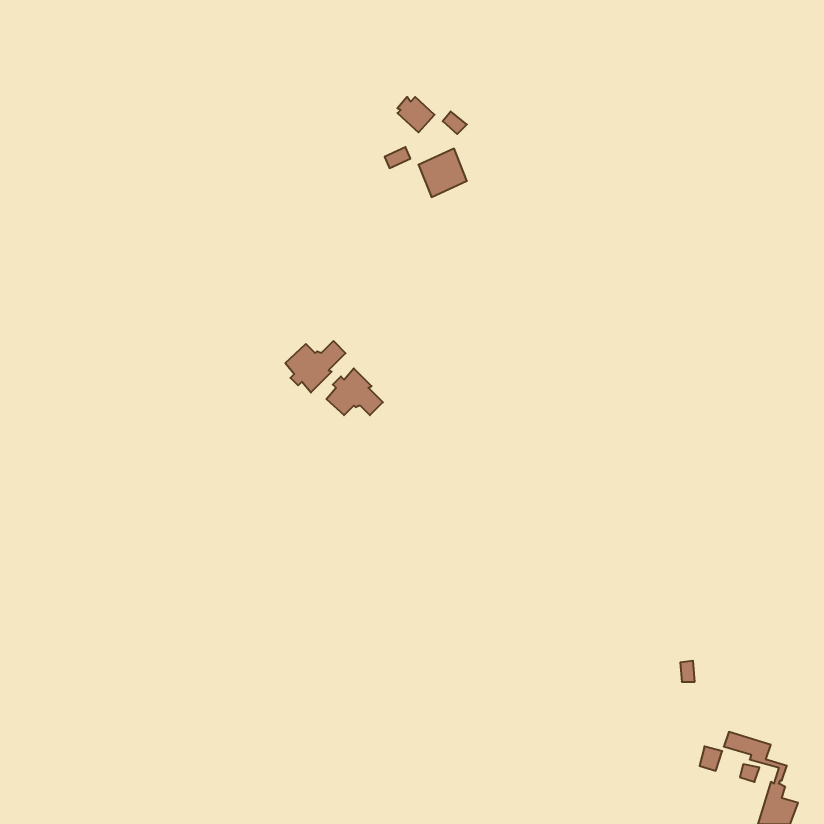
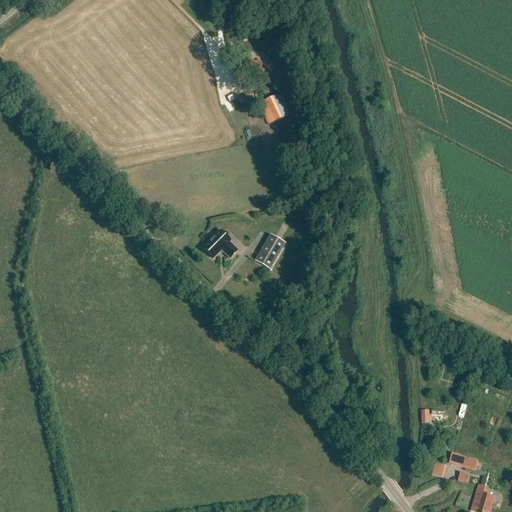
building: [285,341,346,393] -> none
building: none -> [254,233,286,269]

